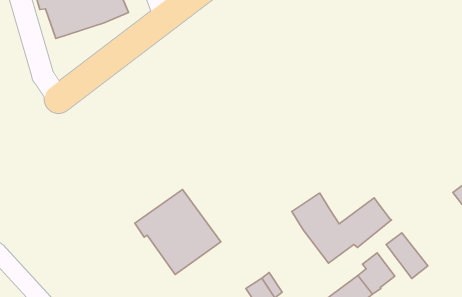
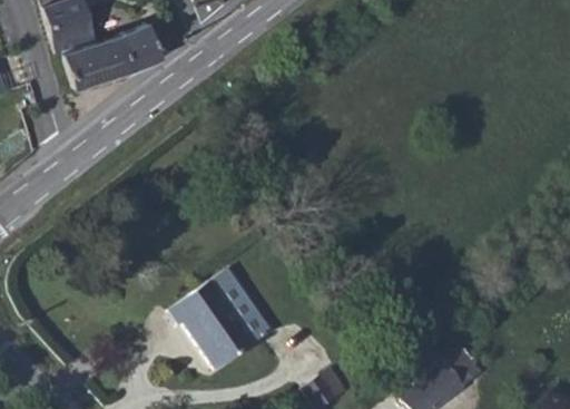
building: [292,193,392,263] -> none
building: [386,233,428,279] -> none

